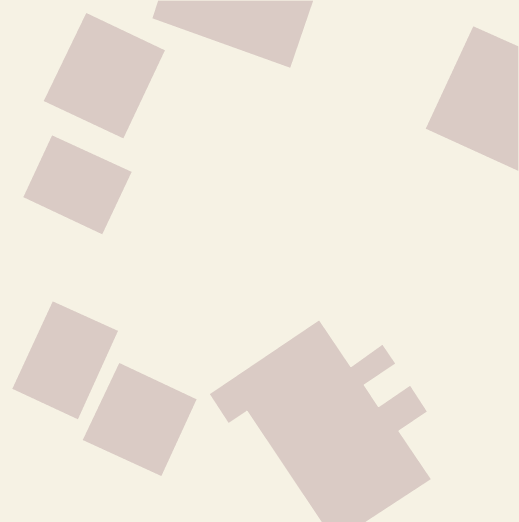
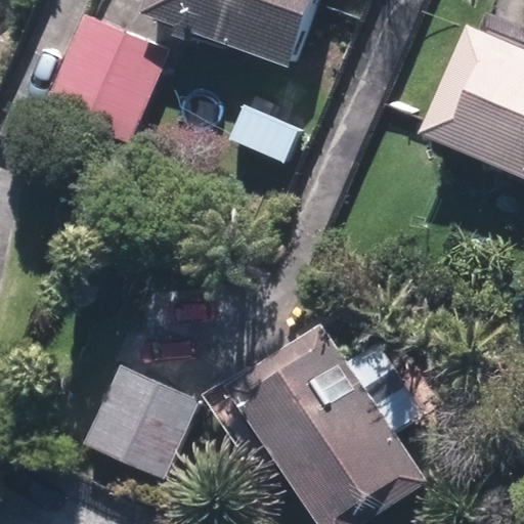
building: [22,134,133,235] -> none
building: [11,301,119,420] -> none

